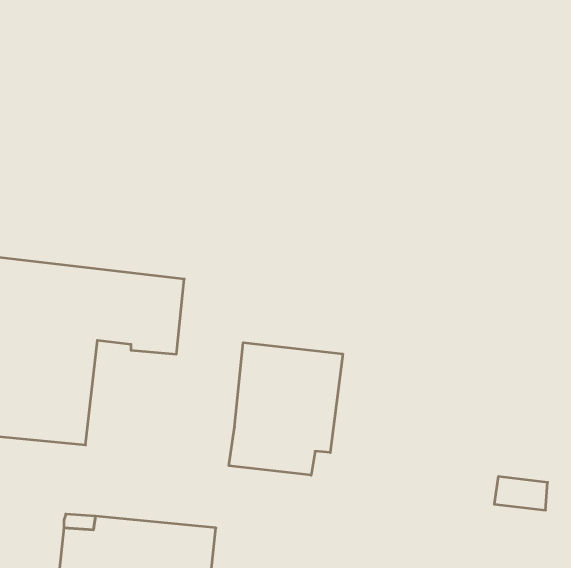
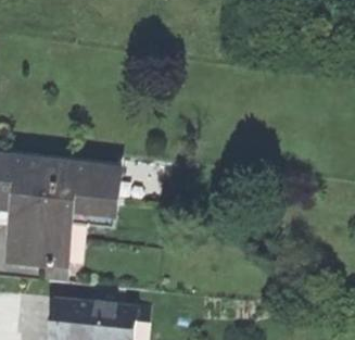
building: [229,343,343,475] -> none

